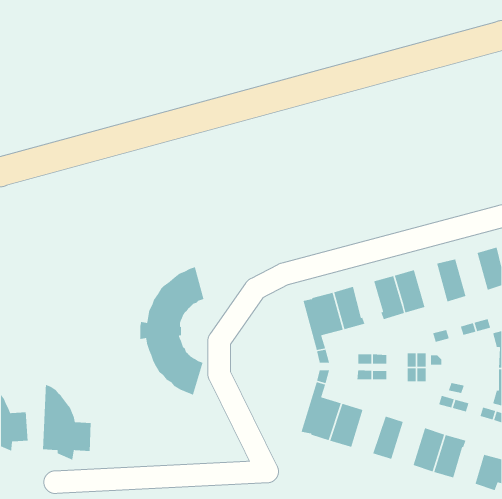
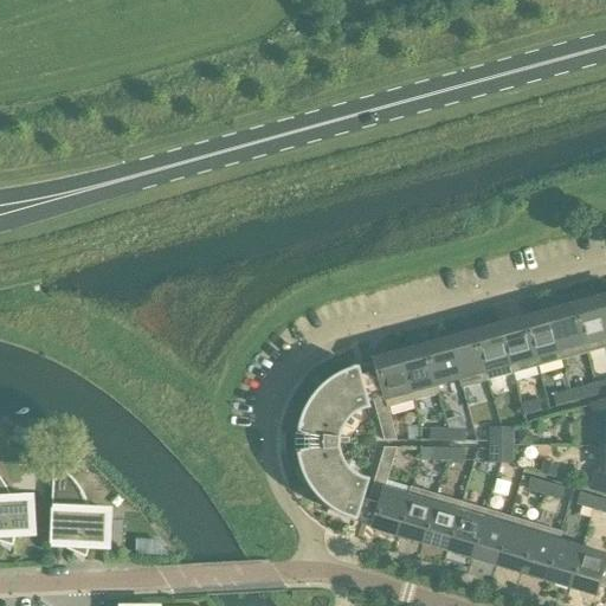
building: none -> [549,304,587,357]
building: none -> [499,317,539,370]
building: [140,266,204,396] -> [290,363,368,520]
building: none -> [426,339,460,382]
building: none -> [424,494,464,547]
building: none -> [472,508,511,561]
building: none -> [547,540,582,584]

